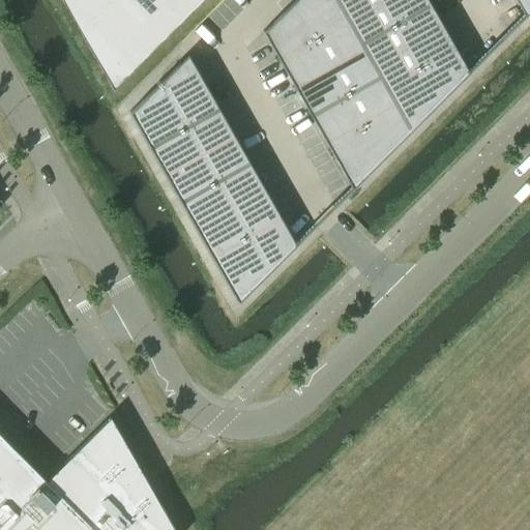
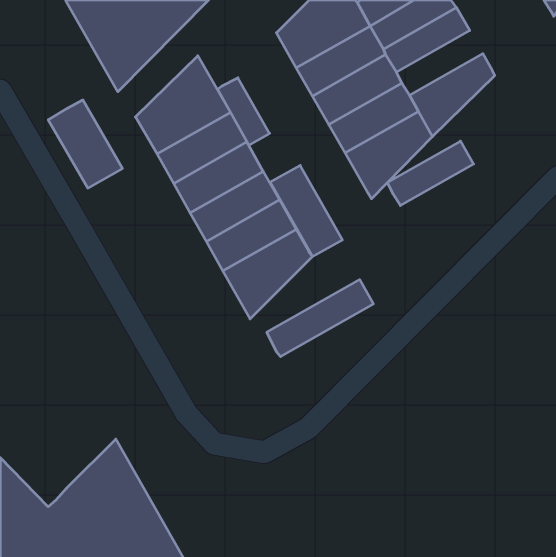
building: [378,30,460,91] -> [387,141,474,206]
building: none -> [217,78,270,145]
building: none -> [48,100,122,188]
building: none -> [270,165,342,257]
building: none -> [267,280,373,357]

